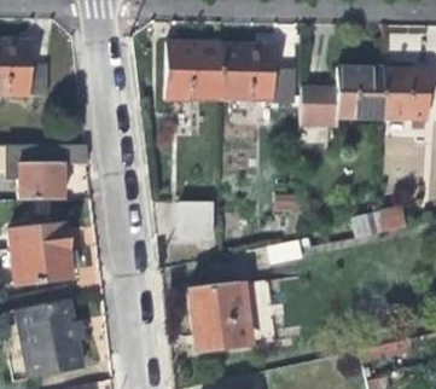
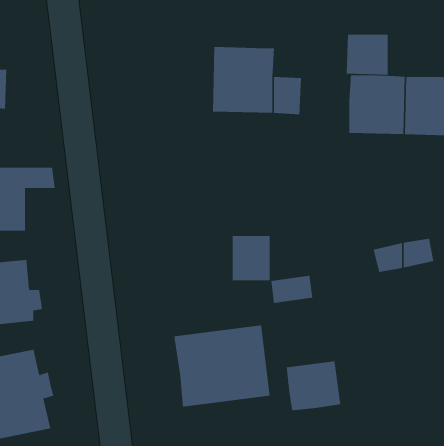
building: [167,41,221,98] -> none
building: [300,88,336,123] -> [346,34,388,75]
building: [182,201,215,239] -> [232,235,270,281]
building: none -> [286,361,341,411]

